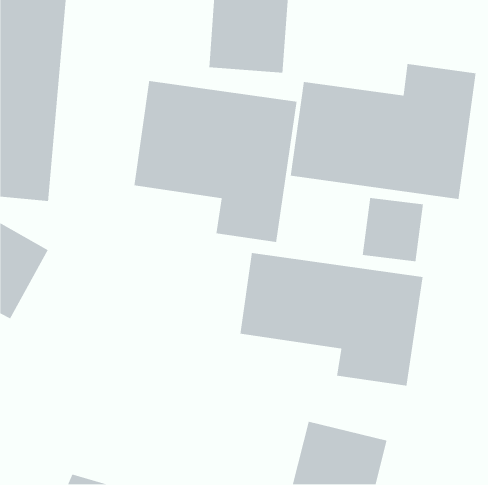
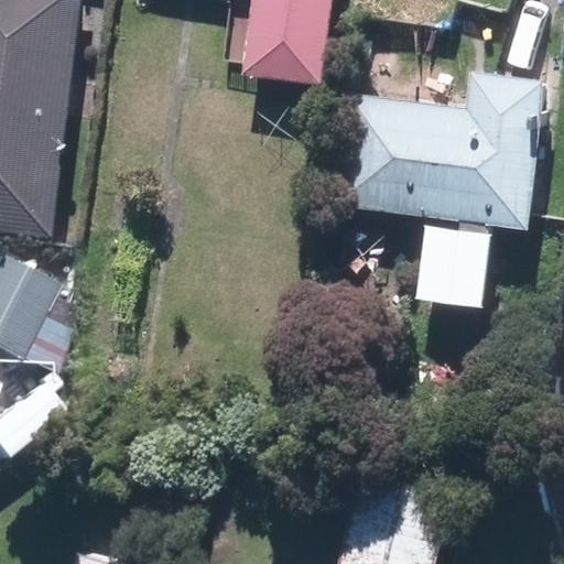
building: [134,80,297,243] -> none
building: [240,252,423,386] -> none

